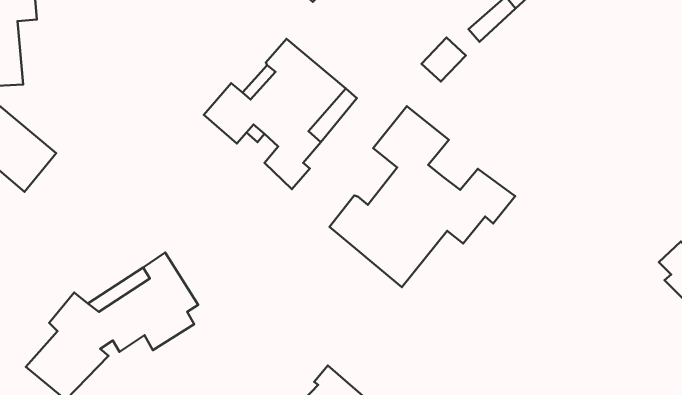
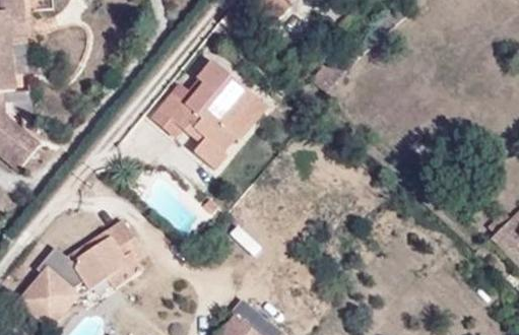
building: [329,106,515,287] -> none

